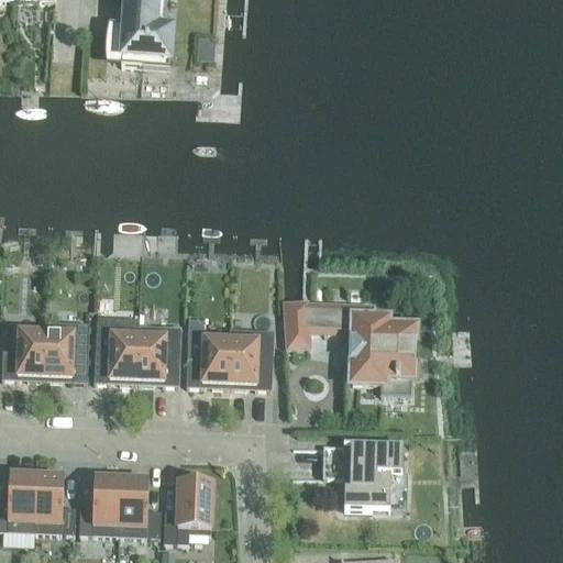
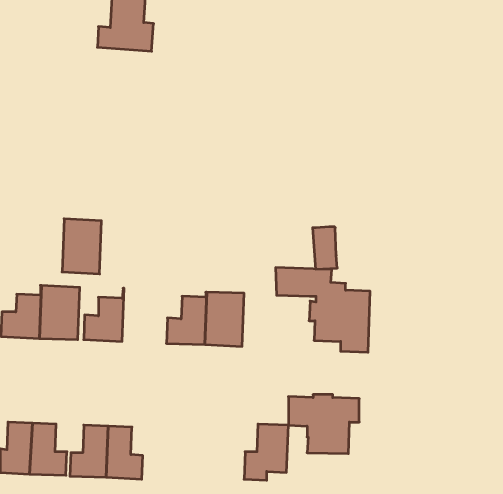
building: [283,298,310,345] -> [313,227,337,269]
building: [136,322,180,384] -> [62,219,101,274]
building: [163,478,212,541] -> [244,424,288,480]

